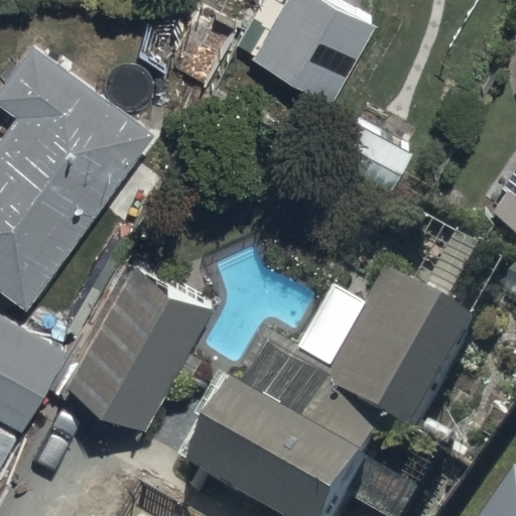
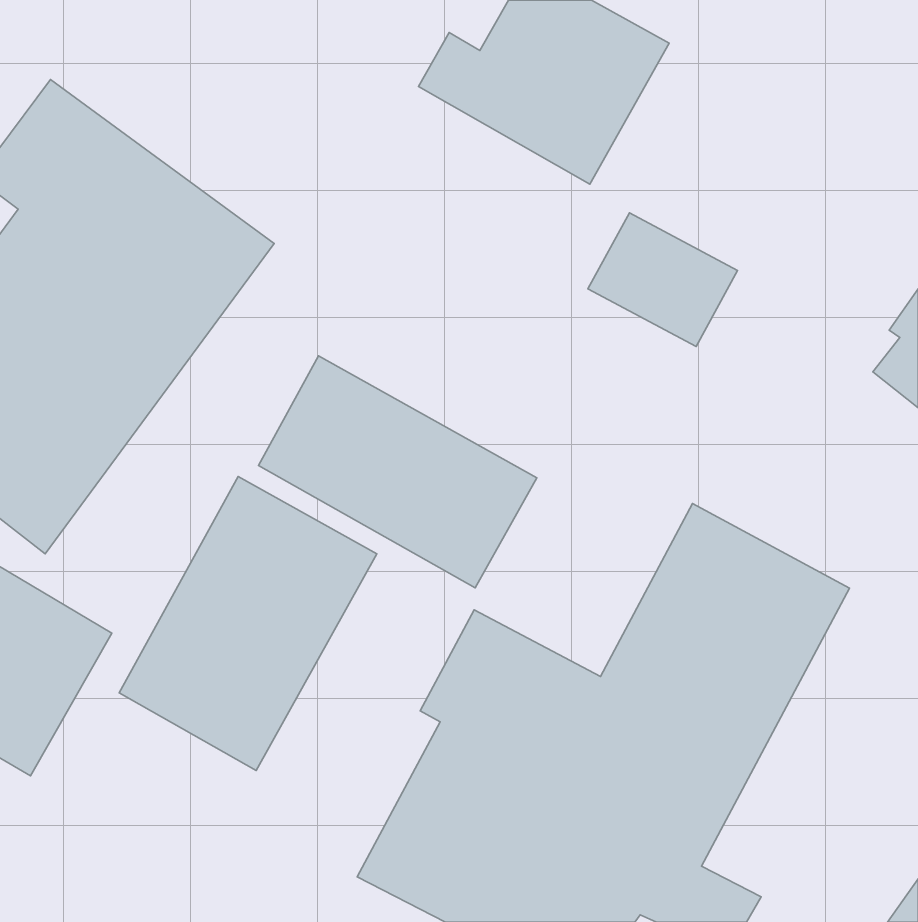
building: none -> [259,356,537,588]

